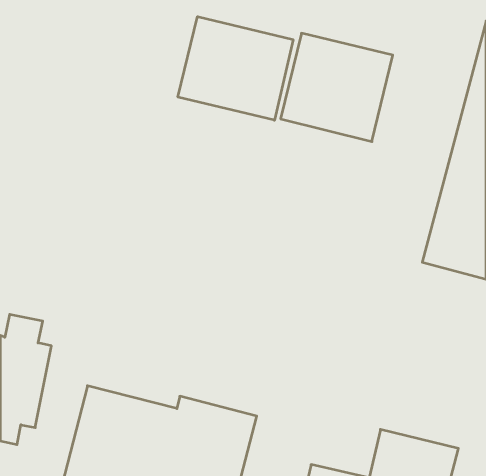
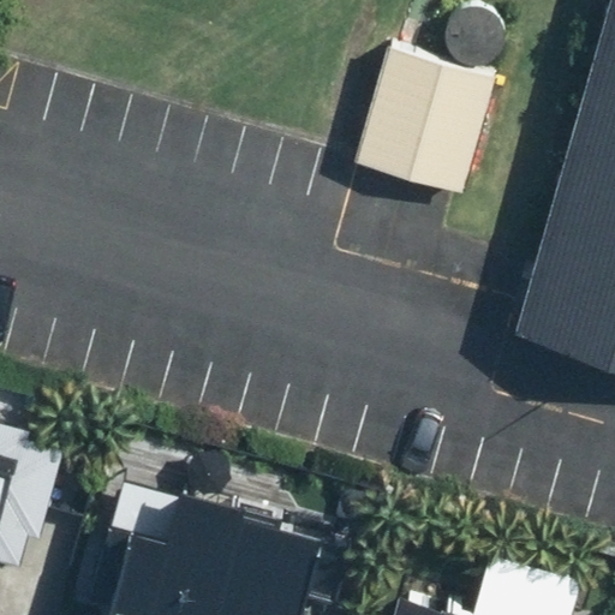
building: [178,17,293,120] -> none

